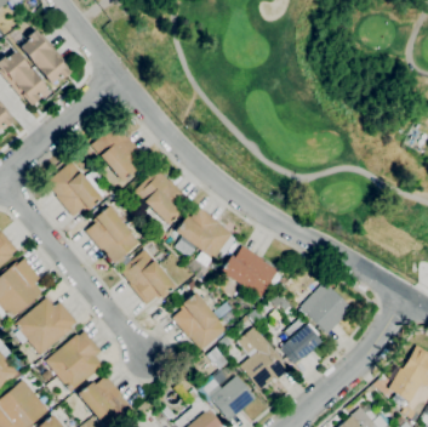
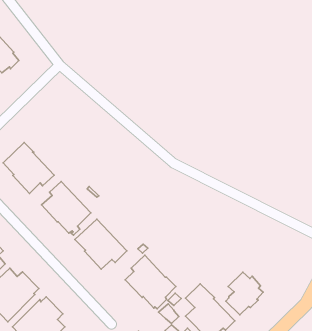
building: [91,124,143,182] -> none
building: [135,169,190,226] -> none
building: [175,206,236,267] -> none
building: [221,246,278,297] -> none
building: [299,283,352,334] -> none

